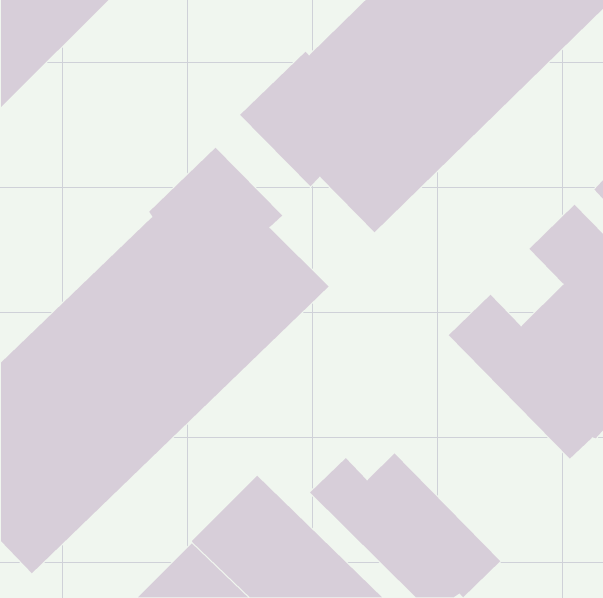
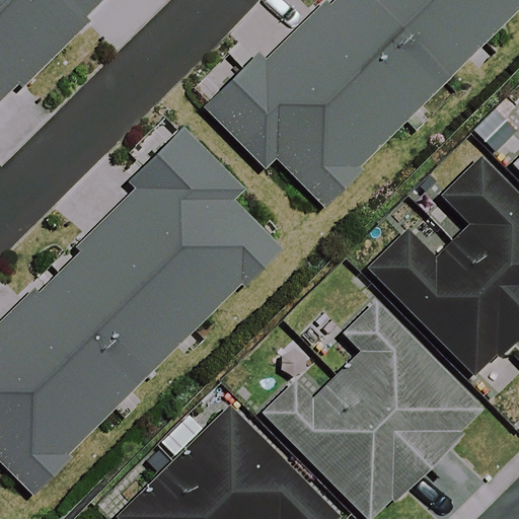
building: none -> [340,313,486,480]

